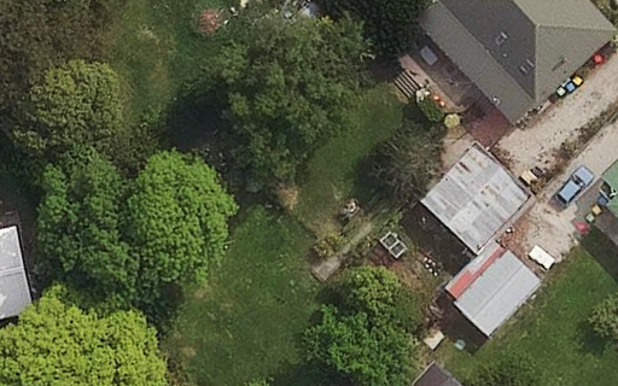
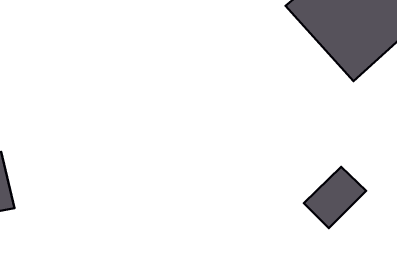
building: [413,144,525,253] -> none

